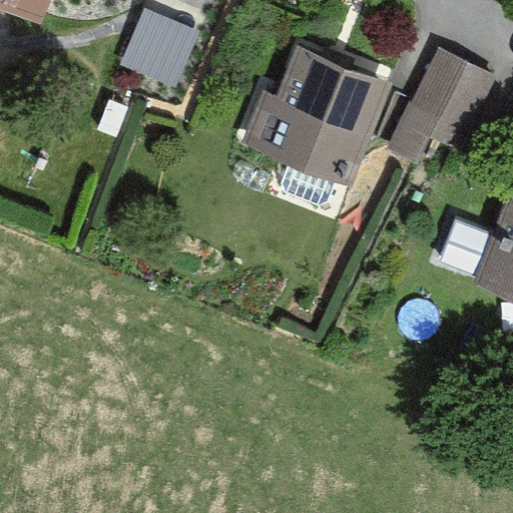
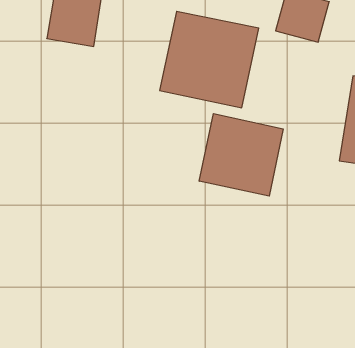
building: none -> [199,114,283,196]

